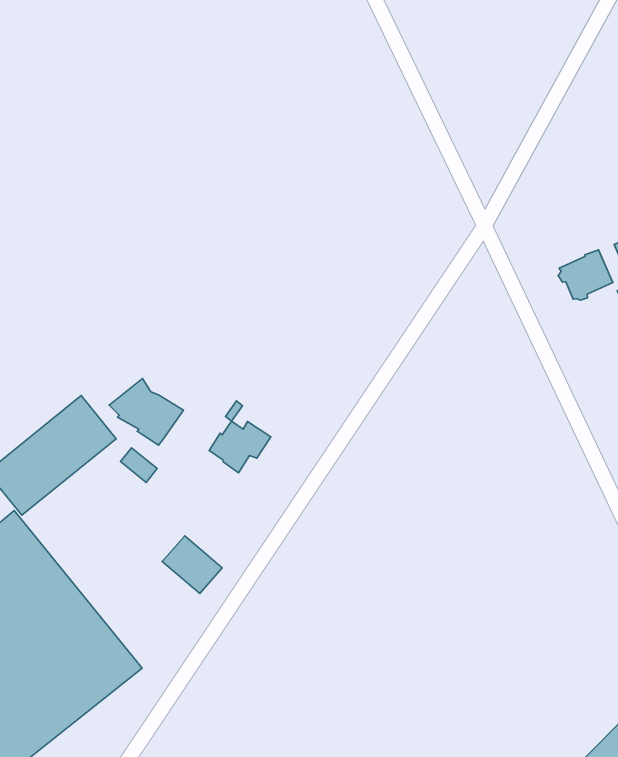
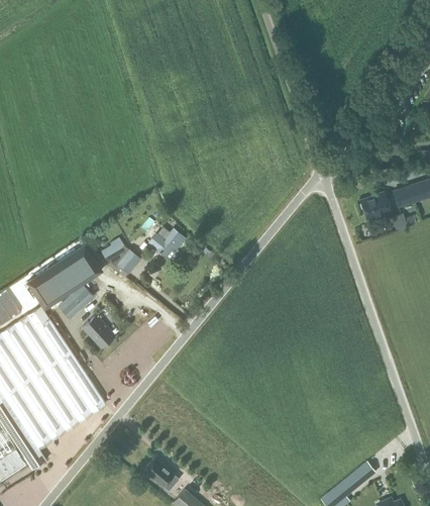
building: [209,421,271,473] -> [150,227,186,257]
building: none -> [60,284,95,318]
building: [162,536,222,594] -> [83,315,116,348]

